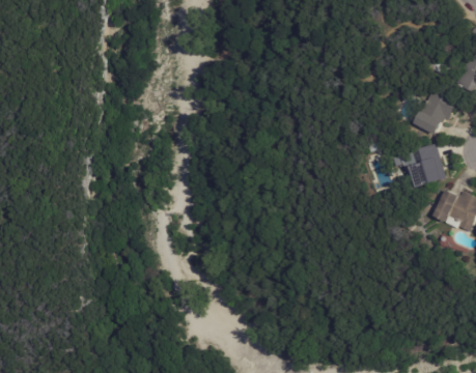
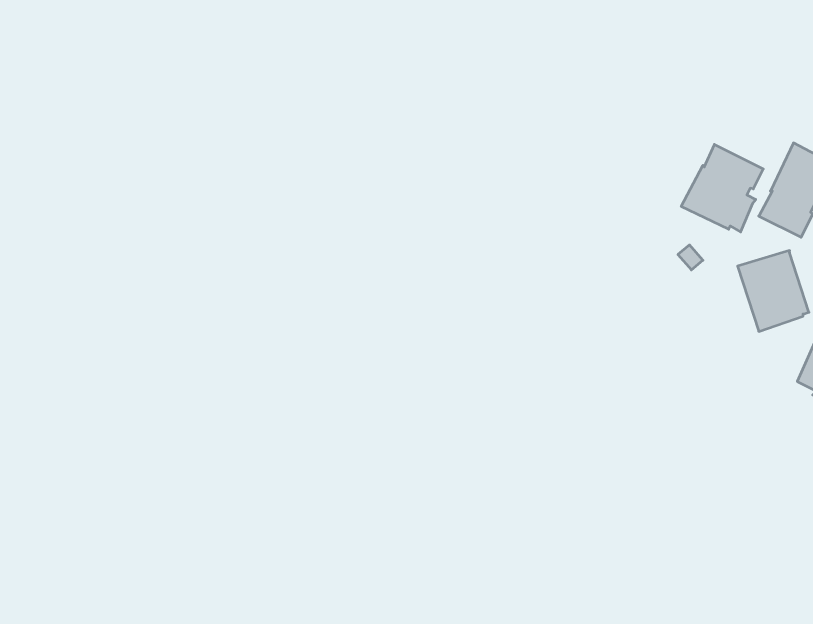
building: none -> [681,144,763,232]

